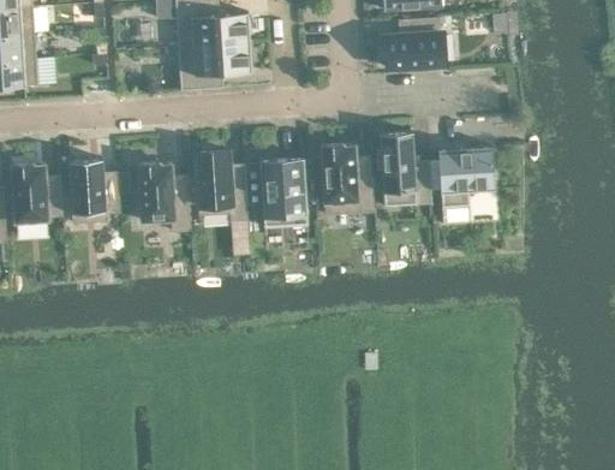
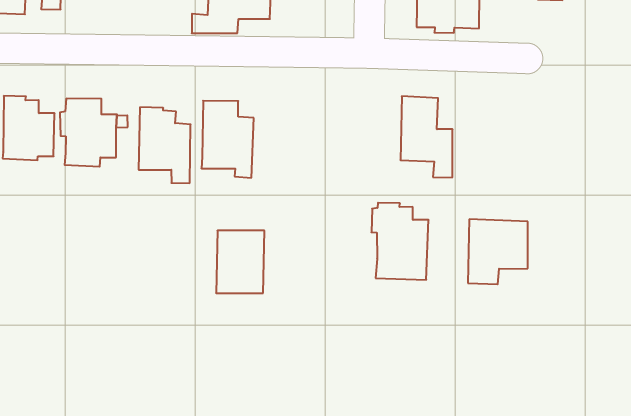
building: [316,143,371,214] -> [371,203,429,280]
building: [436,147,494,208] -> [468,219,528,284]
building: [258,157,305,219] -> [216,231,264,293]

